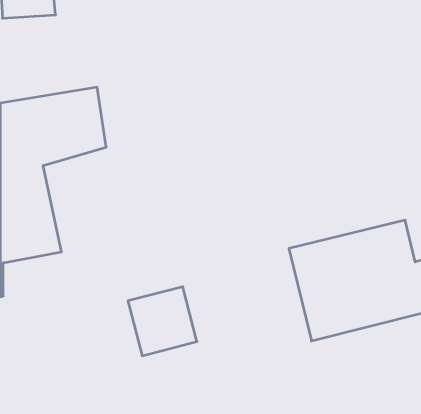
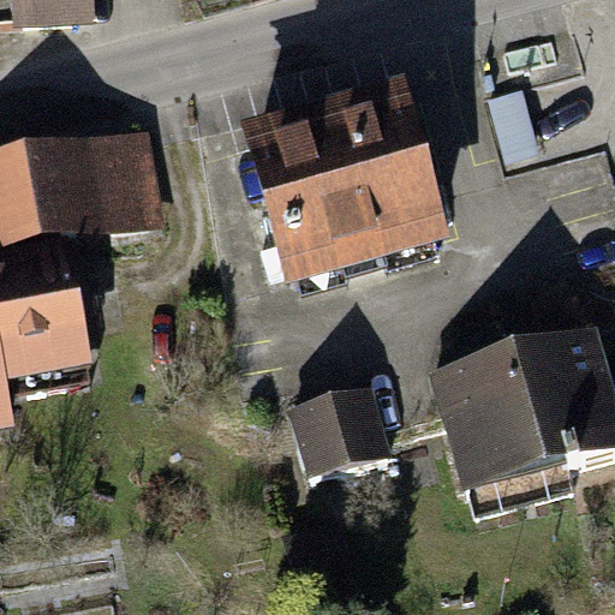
building: none -> [258,85,450,285]
building: [128,287,197,356] -> [285,382,384,482]

